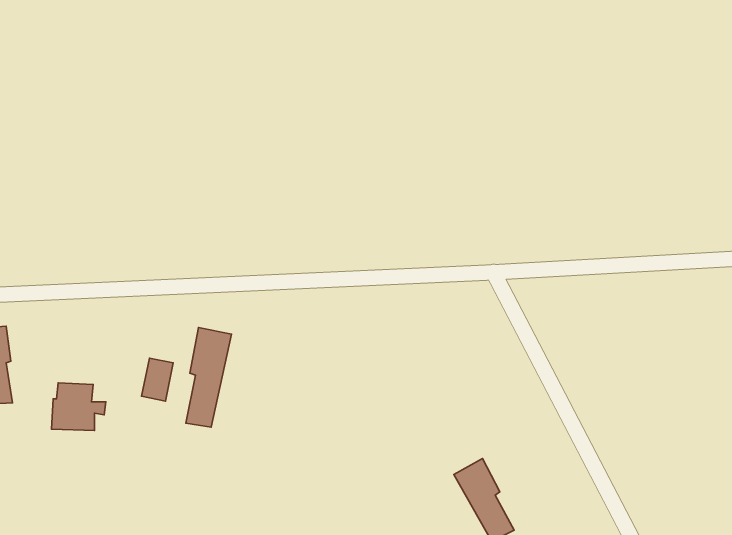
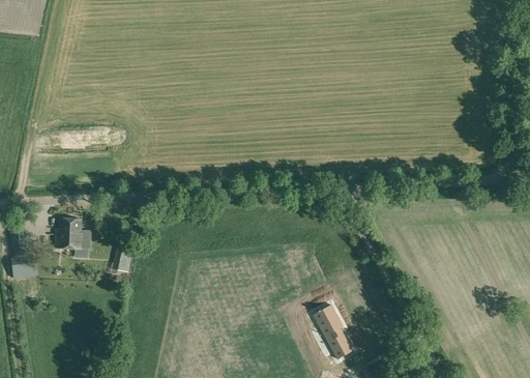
building: [186,327,231,427] -> none
building: [52,383,106,431] -> [55,219,90,250]

